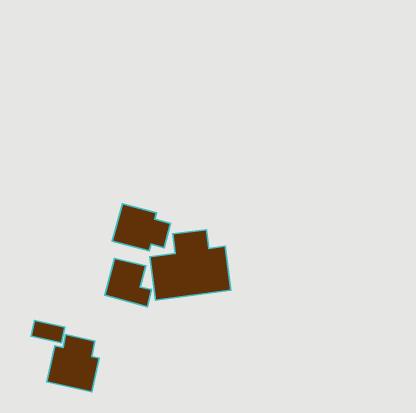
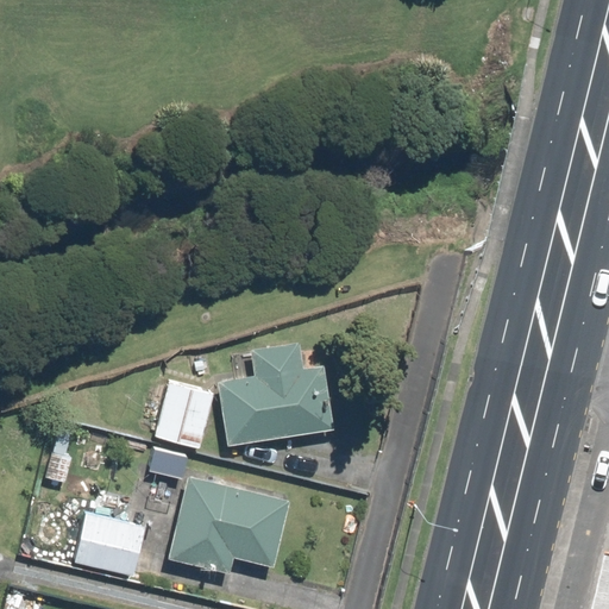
building: [112,204,171,251] -> none
building: none -> [167,477,288,577]

